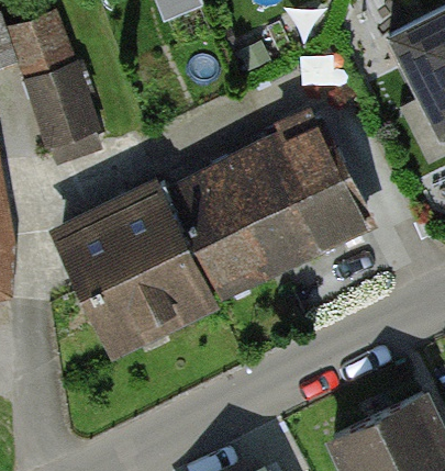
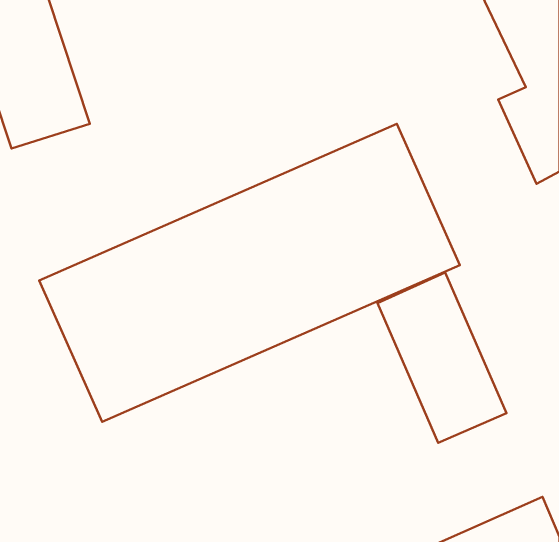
building: none -> [378,273,507,443]

